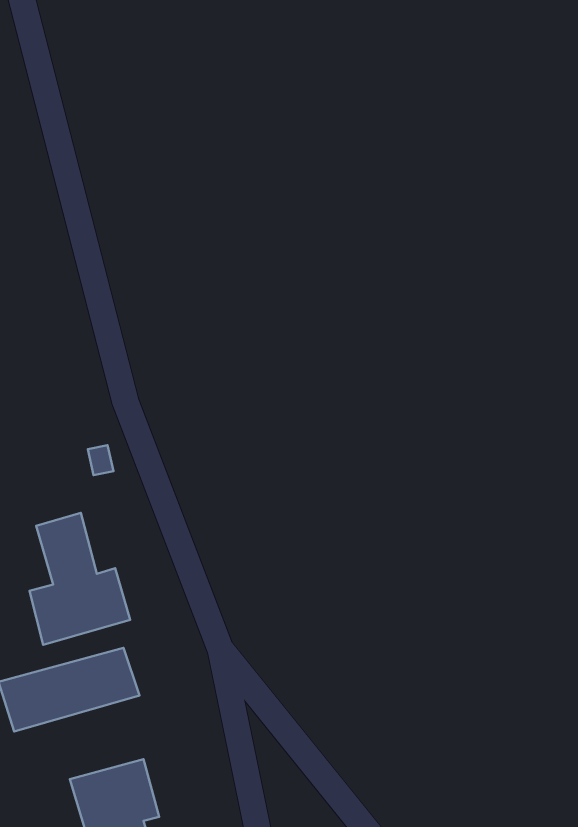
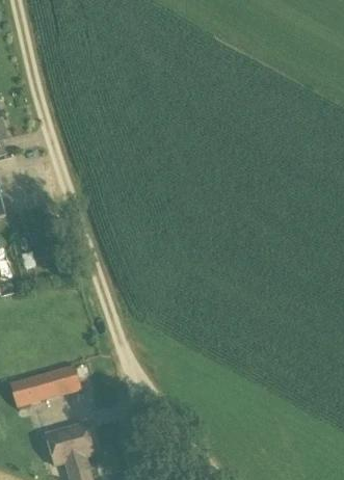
building: [29,513,130,645] -> none

